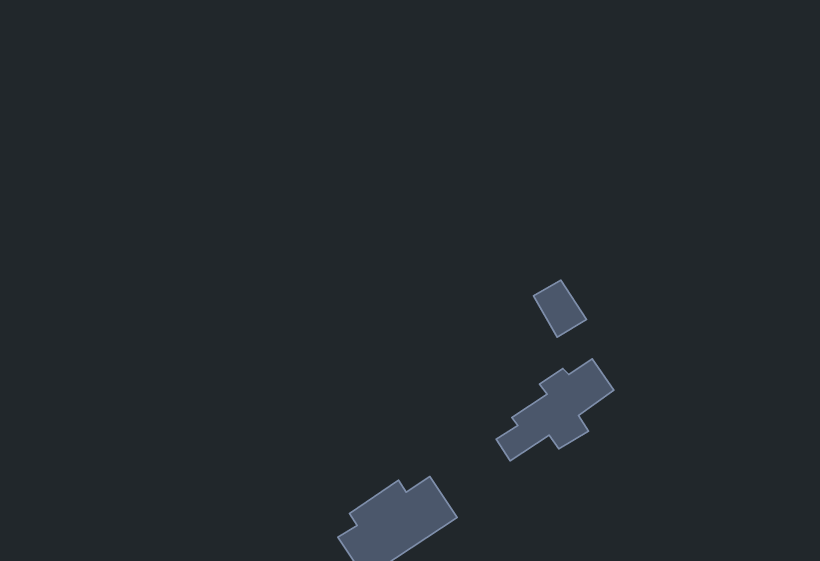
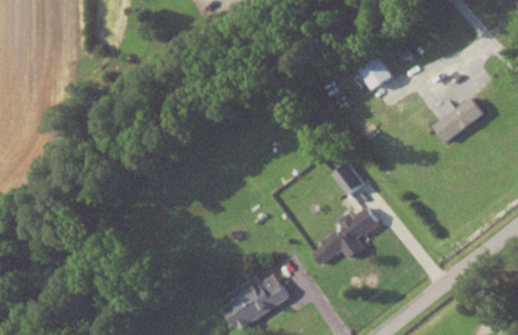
building: none -> [351,57,393,96]
building: none -> [432,97,483,142]

